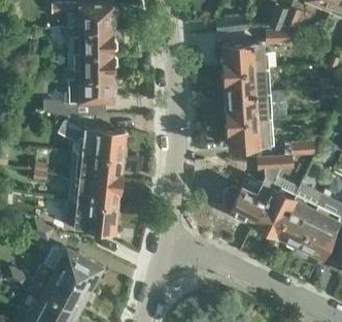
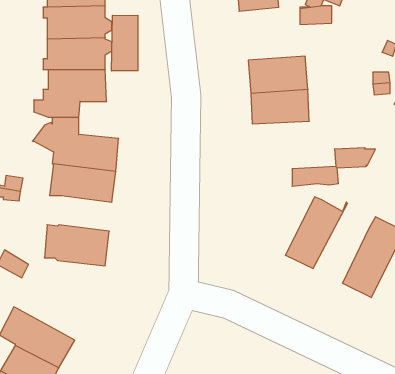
building: none -> [112,15,138,71]
building: [224,43,269,72] -> none
building: [228,120,274,148] -> none
building: [67,176,118,205] -> none
building: [224,176,276,224] -> none
building: [275,184,322,246] -> none
building: [44,247,101,290] -> none

